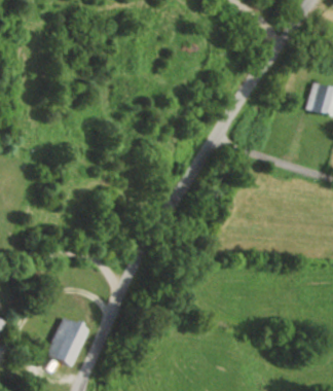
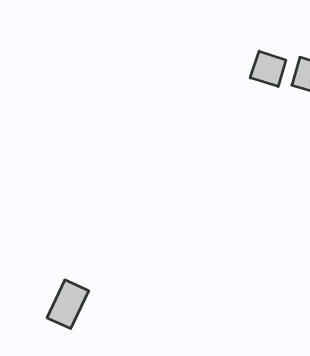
building: none -> [250,51,286,87]

